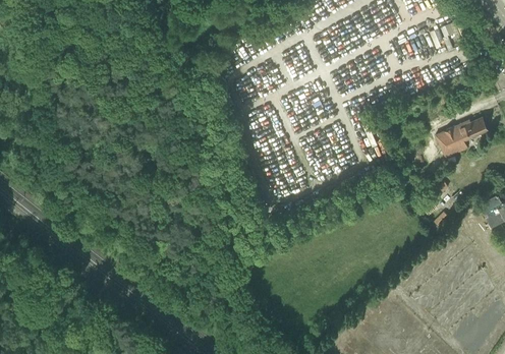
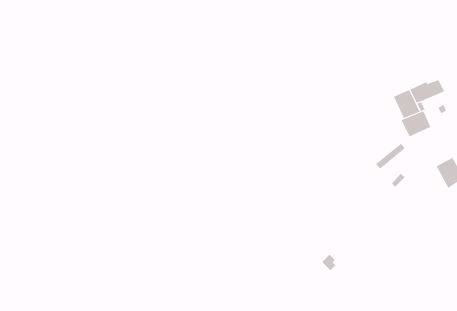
building: none -> [401,111,431,137]

